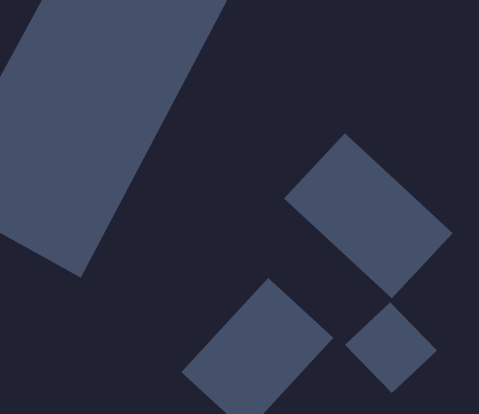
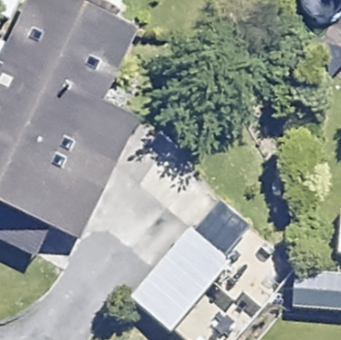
building: [283,133,454,299] -> none

